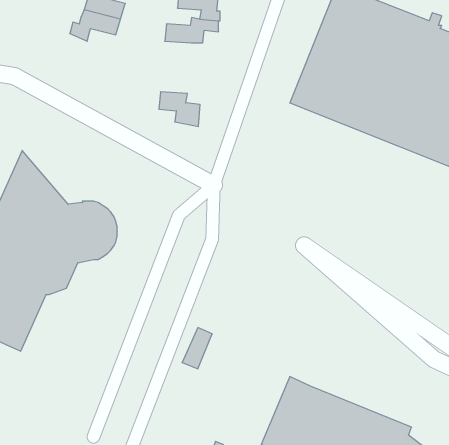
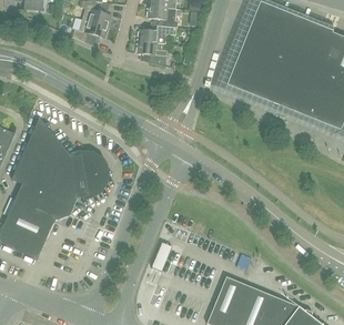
building: [159,92,200,127] -> [138,40,166,64]

